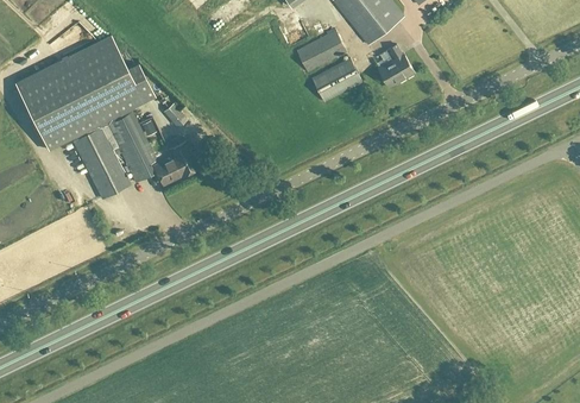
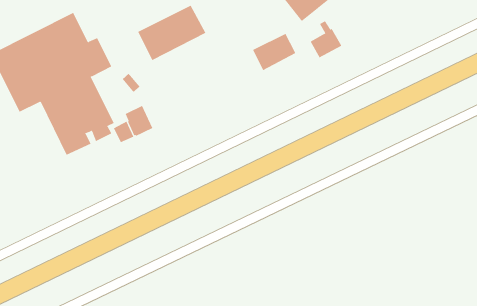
building: none -> [137,5,206,61]
building: [296,29,345,70] -> none

